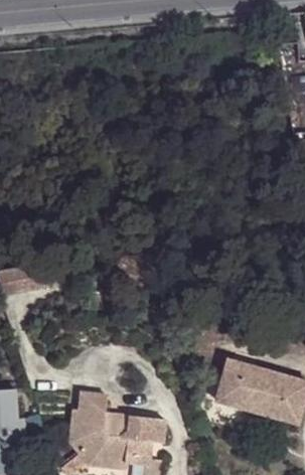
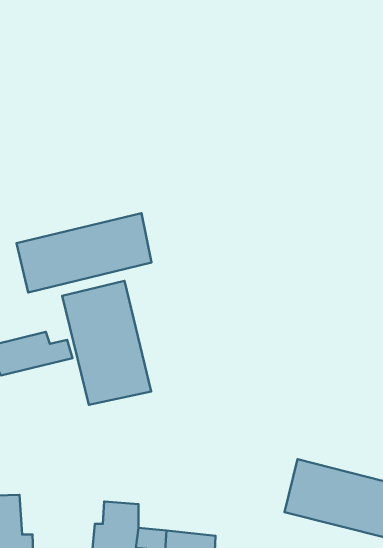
building: none -> [16,213,152,293]
building: none -> [62,281,151,405]

